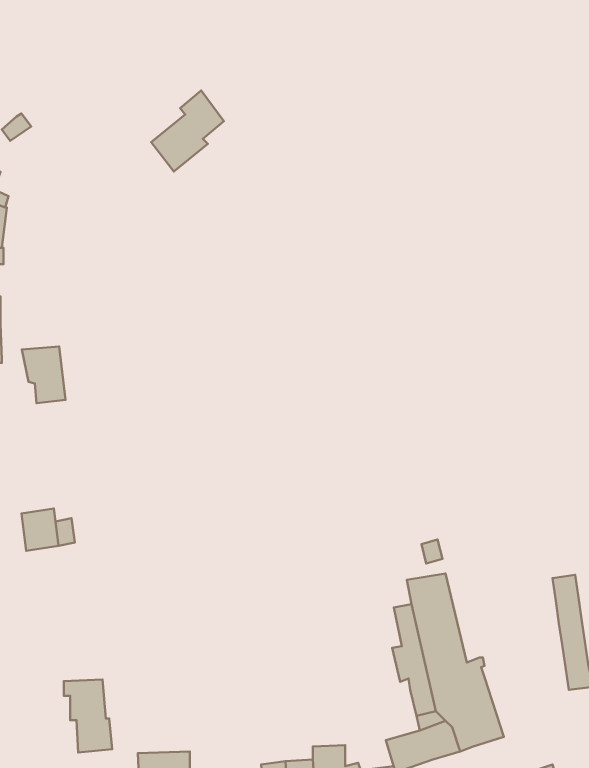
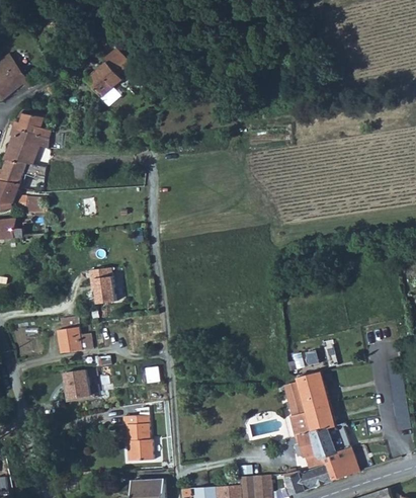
building: [151,90,224,171] -> [85,50,131,100]
building: [22,346,66,403] -> [86,267,113,303]
building: none -> [61,368,94,402]
building: [64,680,112,752] -> [118,415,149,461]

